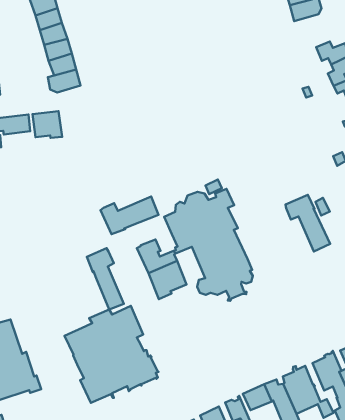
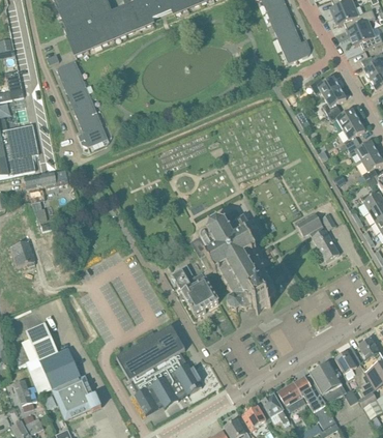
building: [32,111,62,138] -> none
building: [101,196,159,234] -> none
building: [87,248,124,310] -> none

